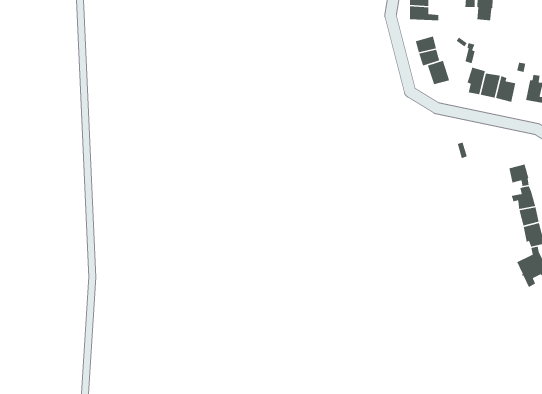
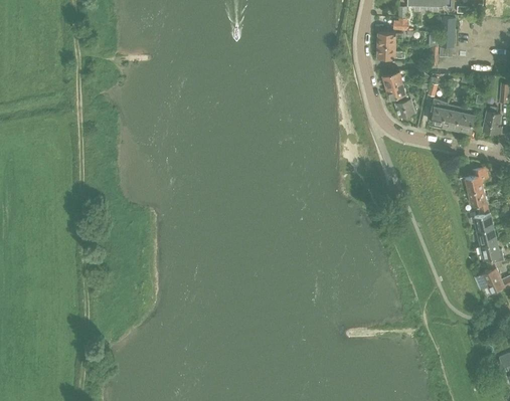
building: none -> [465,167,491,192]

